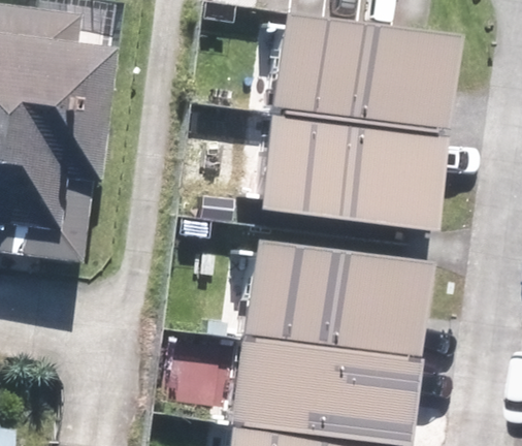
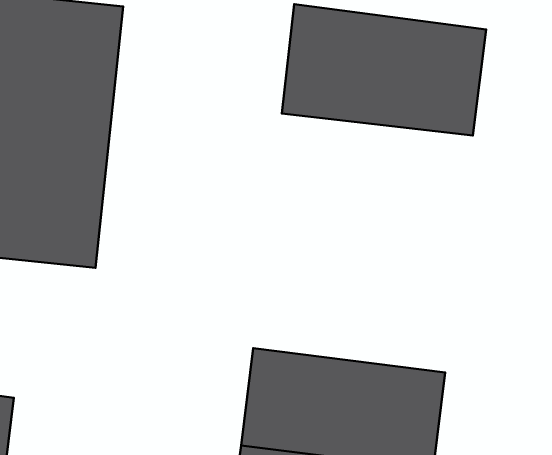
building: [258,116,448,231] -> none
building: [242,238,434,358] -> none

